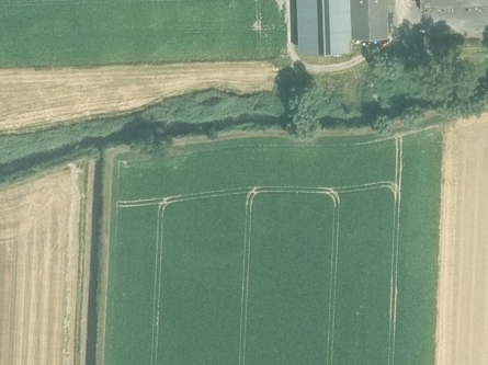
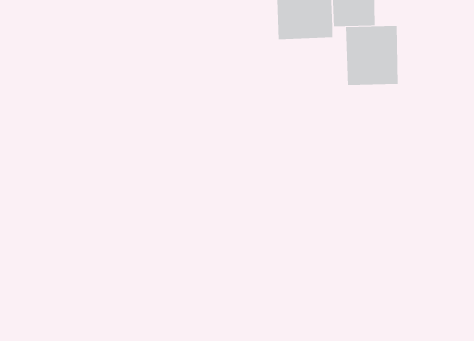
building: none -> [345,25,398,86]

